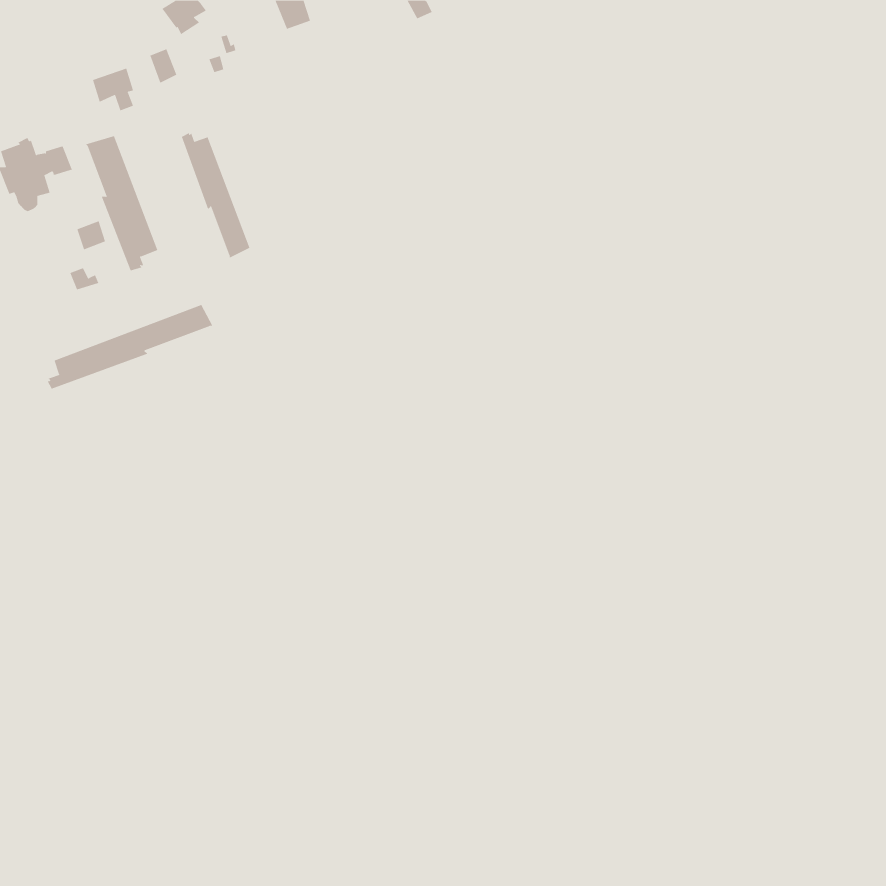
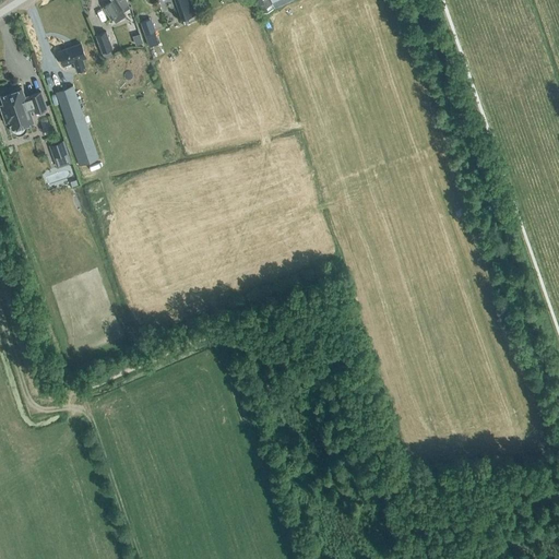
building: [181,132,250,258] -> none
building: [47,304,213,390] -> none

